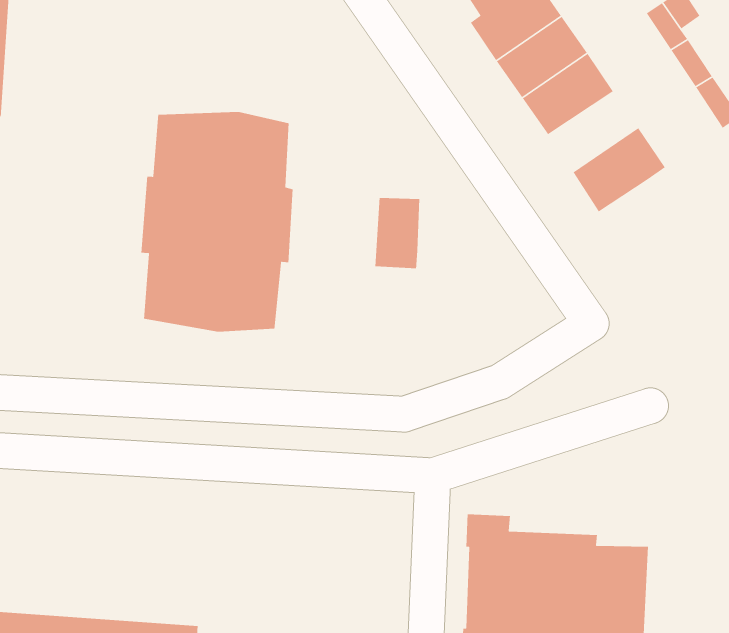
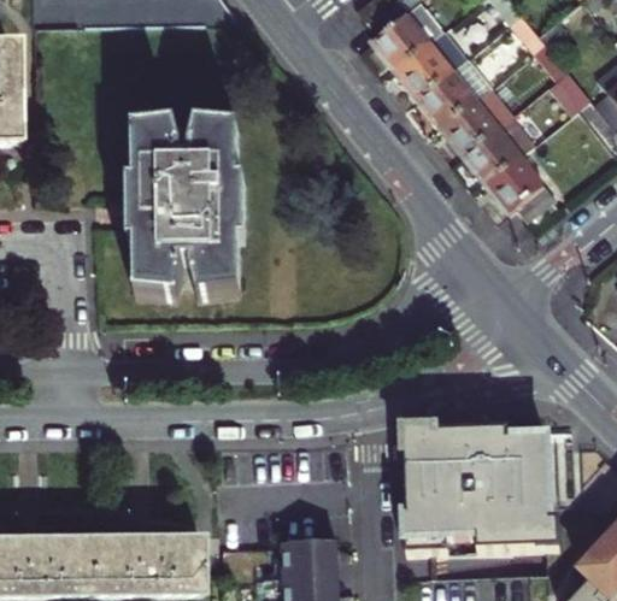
building: none -> [441,86,512,152]
building: none -> [486,153,558,219]
building: [375,197,420,269] -> none

